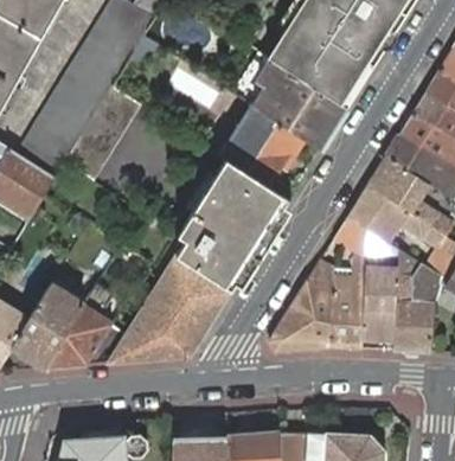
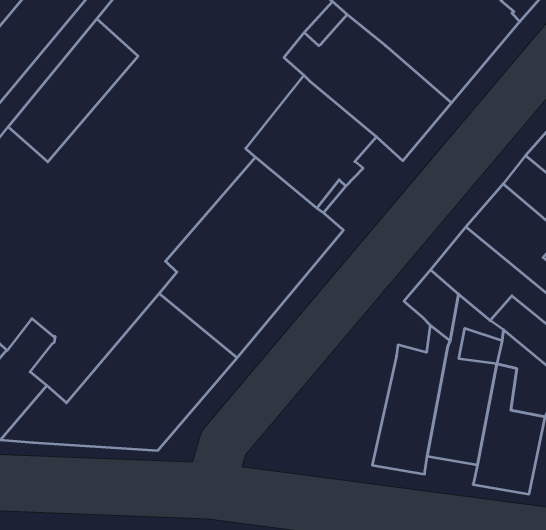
building: [268,260,333,350] -> none

